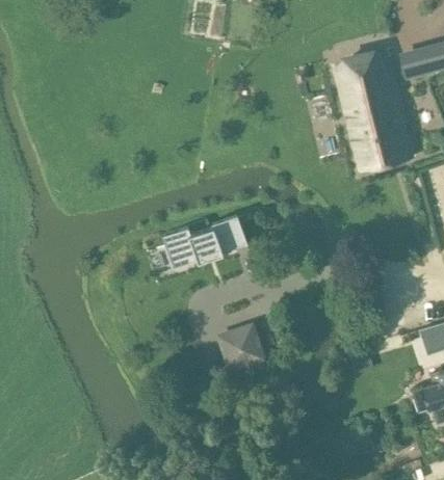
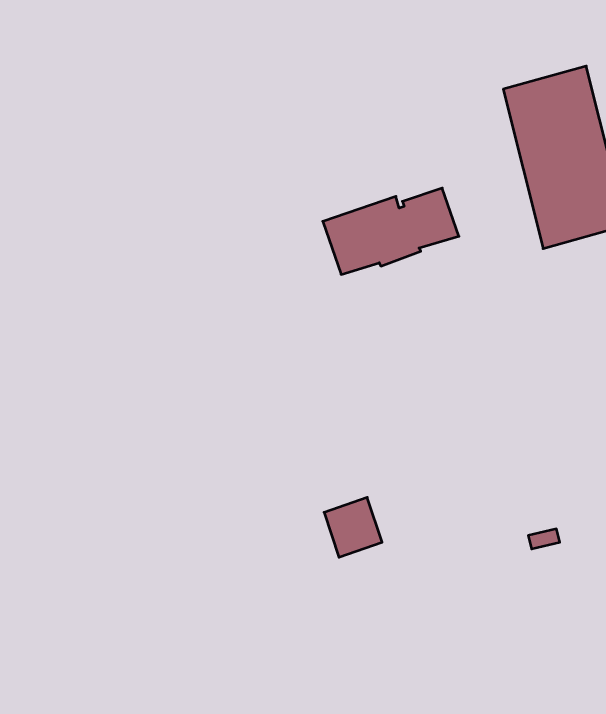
building: [161,215,246,269] -> [323,188,459,274]

